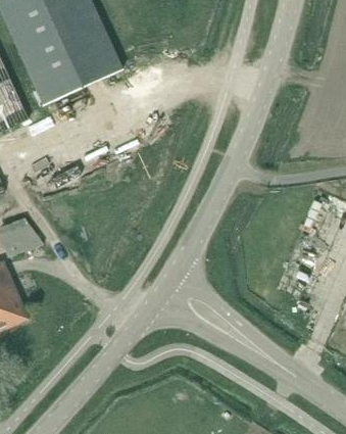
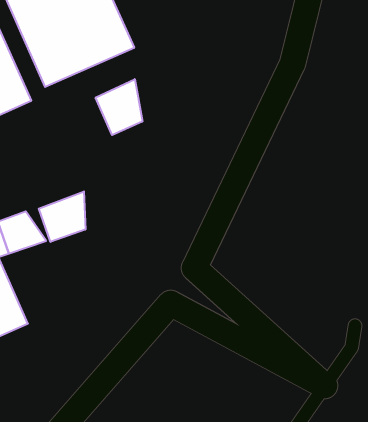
building: none -> [96,79,142,135]
building: none -> [39,191,85,242]

